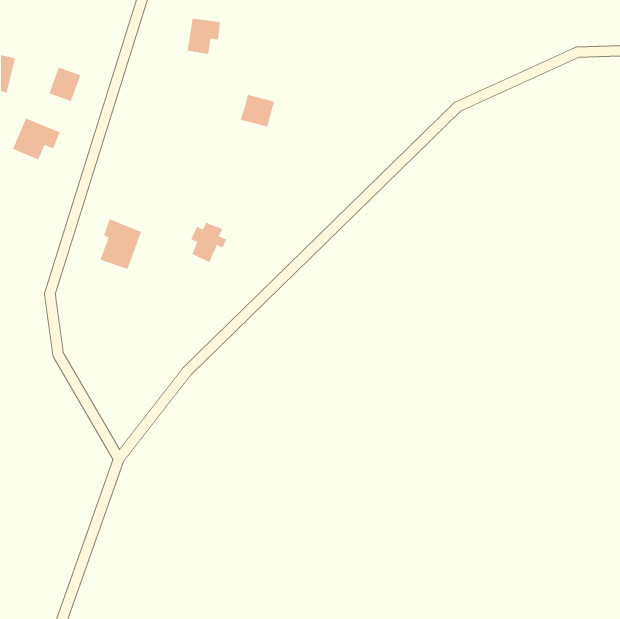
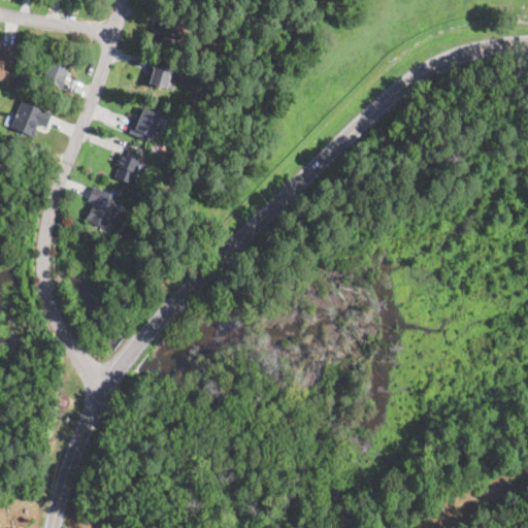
building: [240,94,275,127] -> [146,62,176,90]
building: none -> [130,106,163,141]
building: [190,221,227,263] -> [114,150,145,185]

